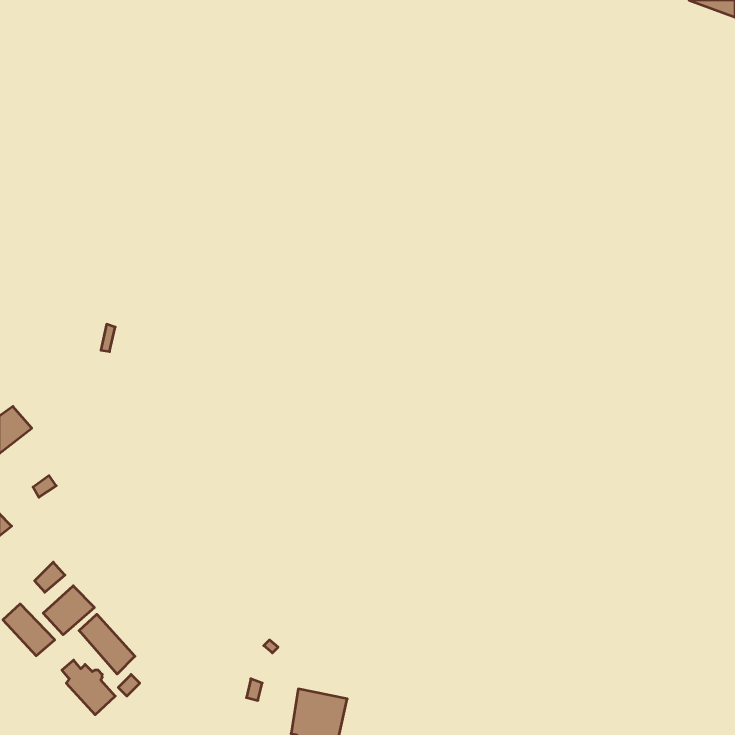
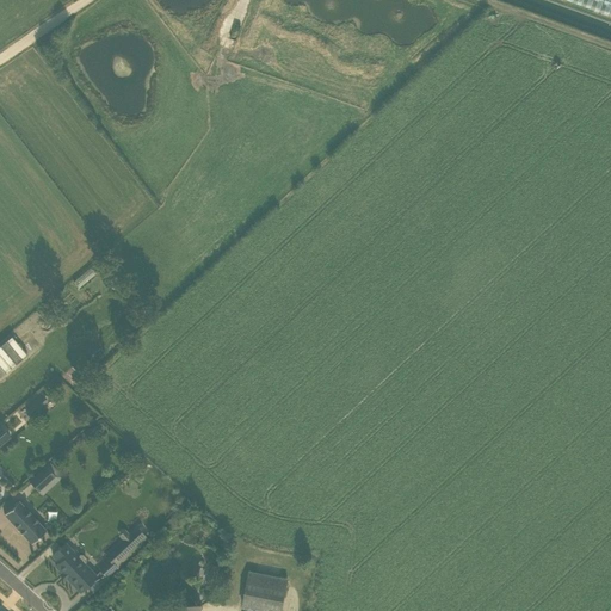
building: [43,586,94,635] -> none
building: [79,614,135,674] -> none

